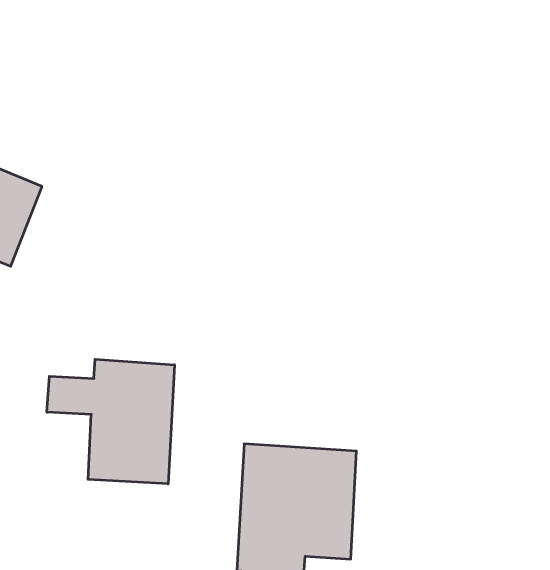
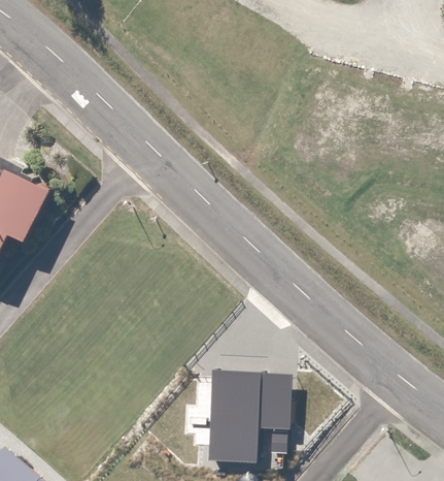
building: [47,359,174,484] -> none

